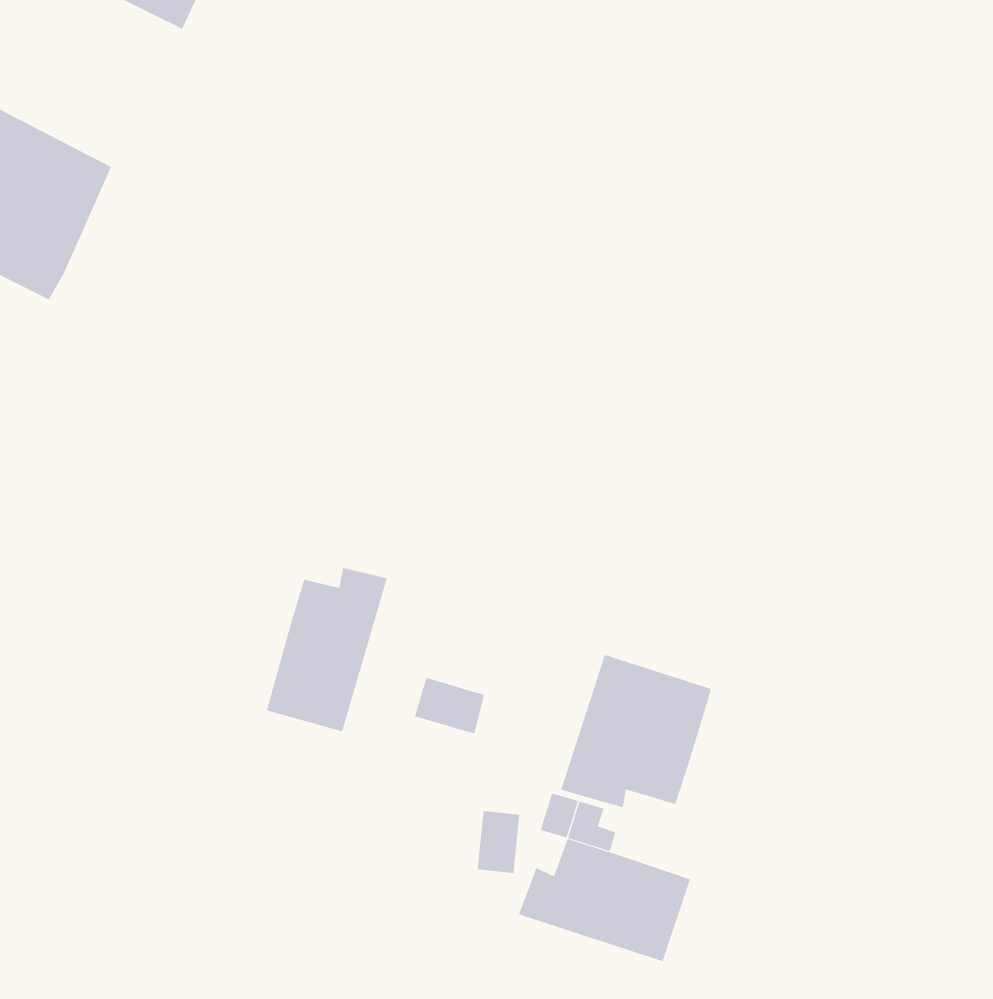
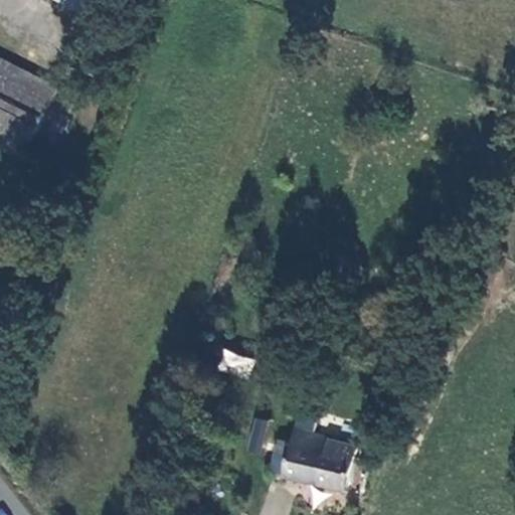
building: [266,567,387,732] -> none
building: [560,654,712,808] -> none

